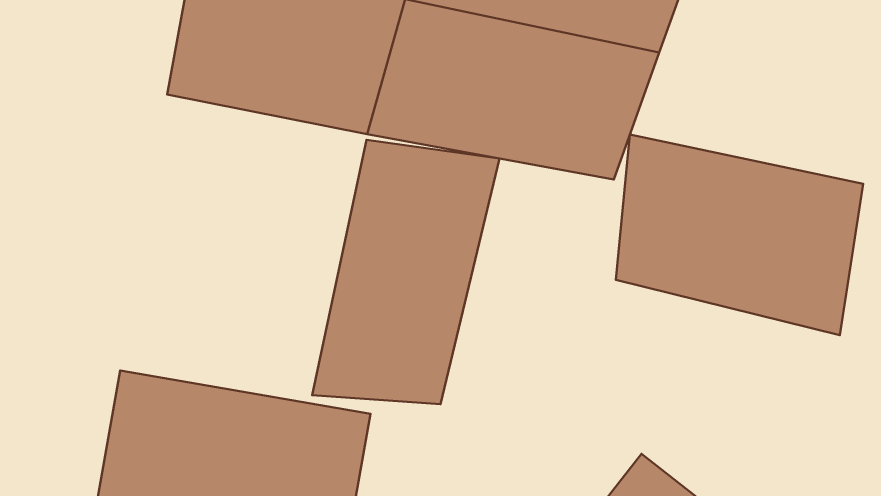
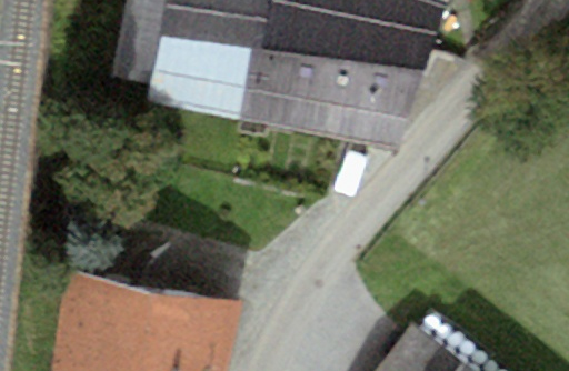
building: [616,134,863,335] -> none
building: [312,140,500,404] -> none

